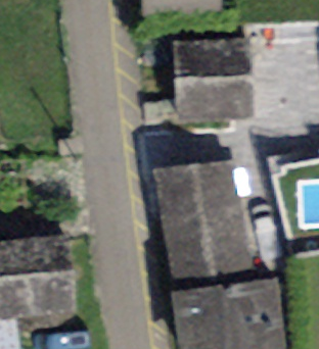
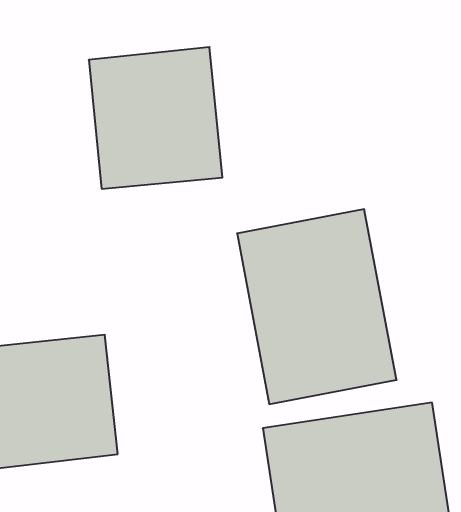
building: [168,35,253,124] -> [89,47,222,189]

